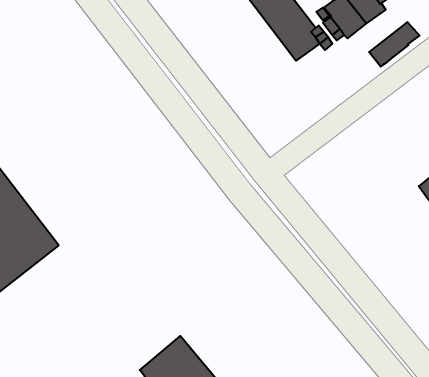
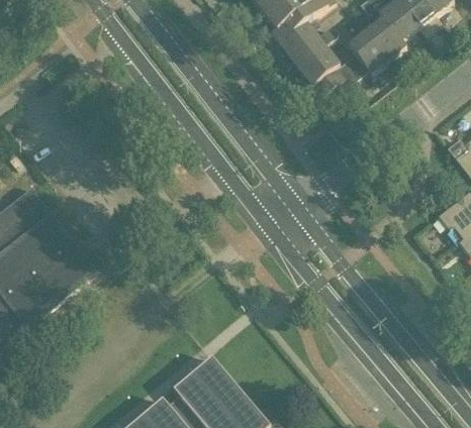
building: [369,22,420,67] -> none

